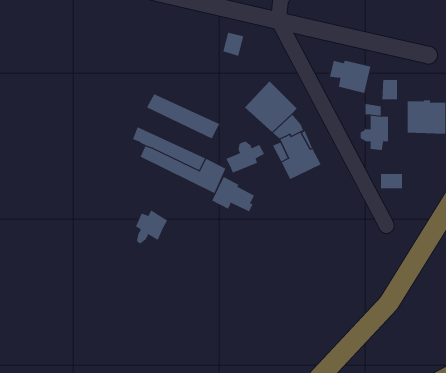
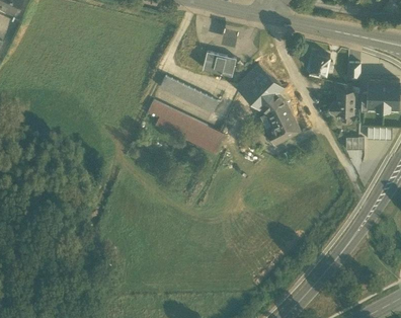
building: none -> [202,50,235,75]
building: [225,141,265,174] -> none
building: [211,176,256,212] -> none
building: [135,210,168,244] -> none

